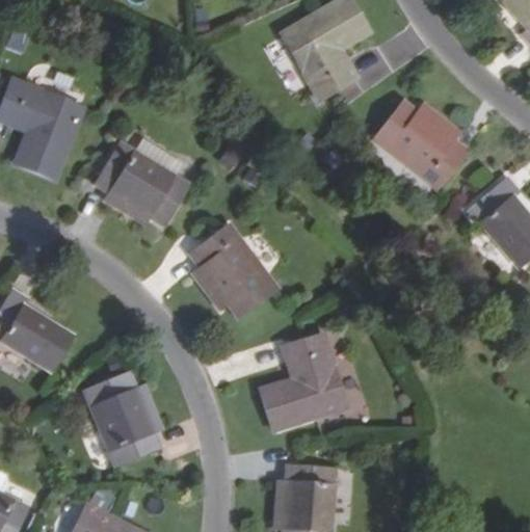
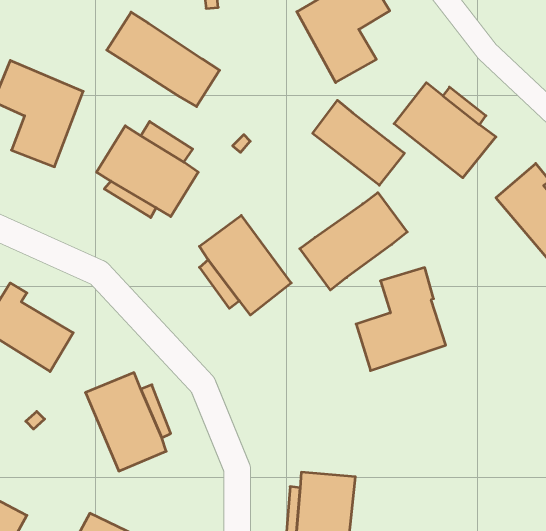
building: none -> [107,12,220,107]
building: none -> [313,100,404,185]
building: none -> [300,193,407,290]
building: [260,335,344,431] -> [356,268,446,371]

